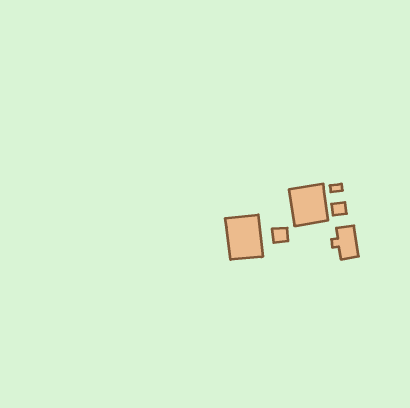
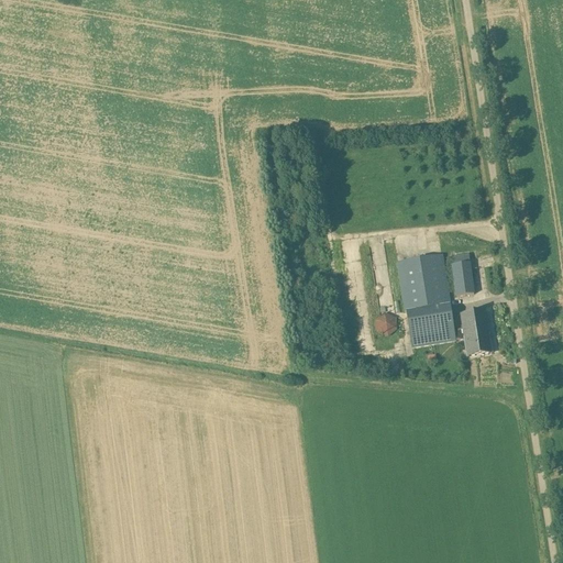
building: [225,215,263,260] -> none
building: none -> [406,301,456,346]

